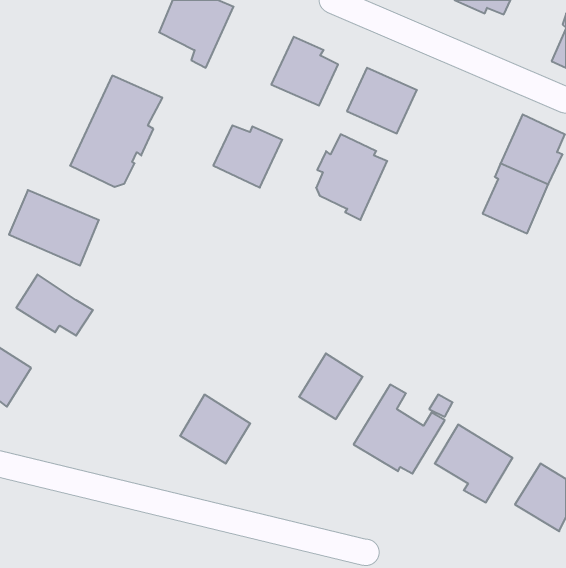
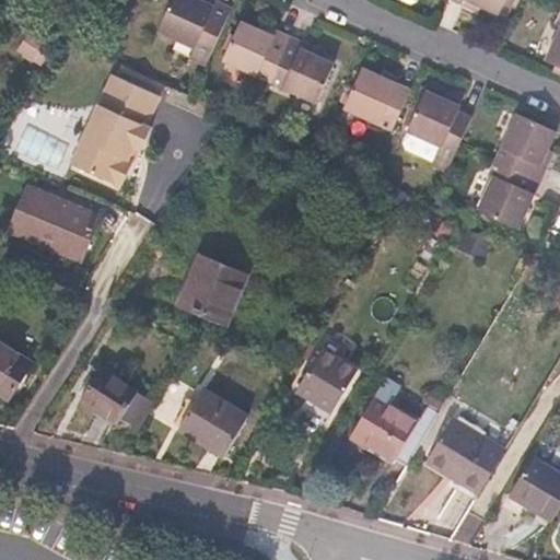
building: [213,125,282,188] -> [221,22,289,83]
building: [316,134,387,220] -> [400,90,470,174]
building: none -> [178,256,245,324]
building: [16,274,93,336] -> [78,368,153,428]

